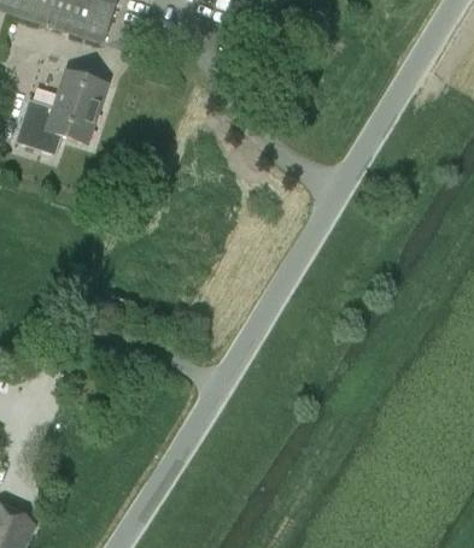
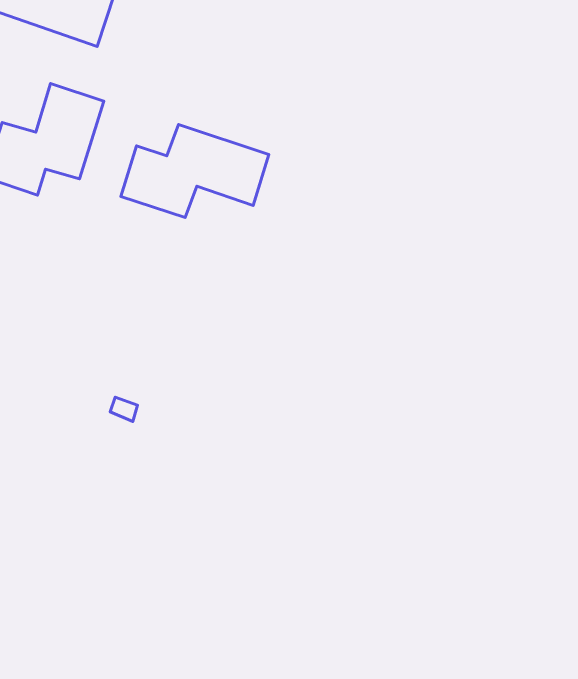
building: none -> [121,125,269,218]

